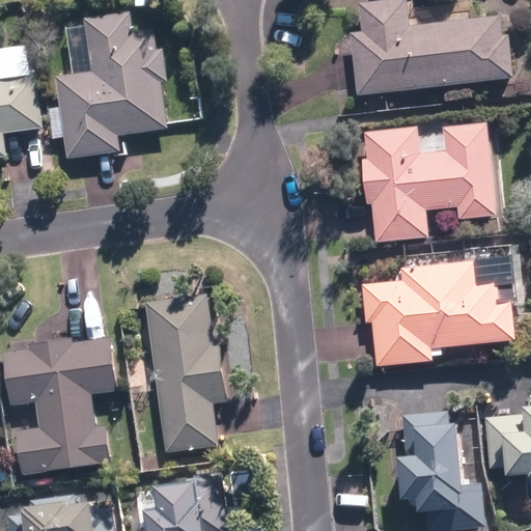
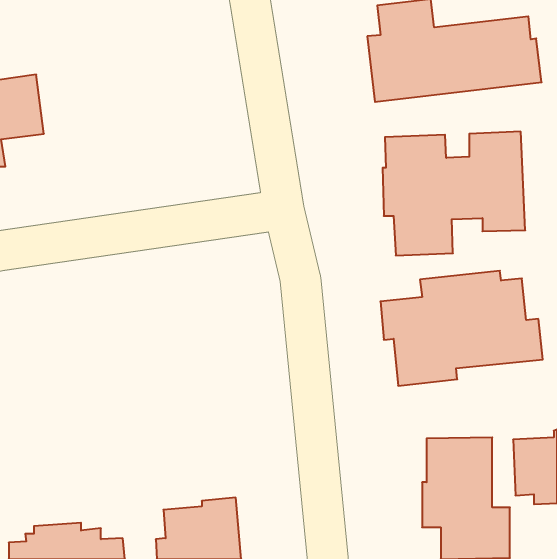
building: [46,10,168,158] -> none
building: [145,295,230,452] -> none
building: [4,335,120,473] -> none

